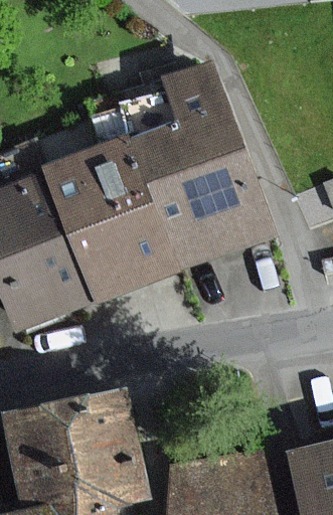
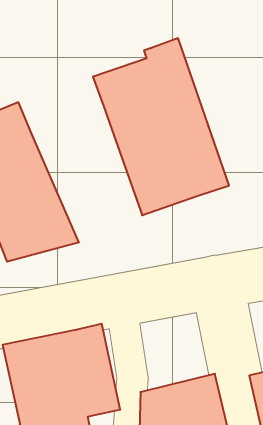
building: [41,142,169,299] -> none

